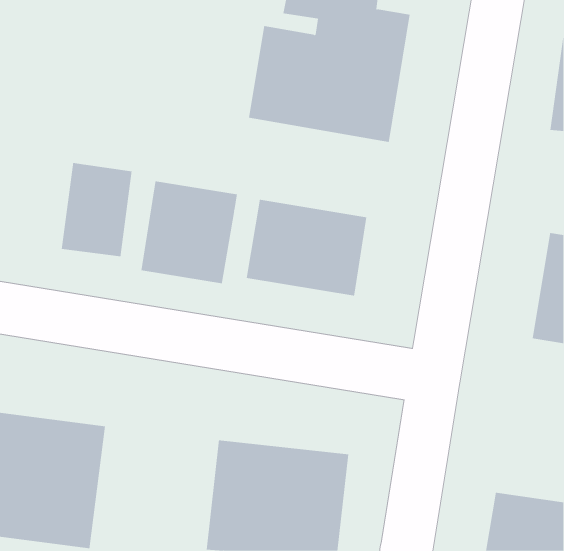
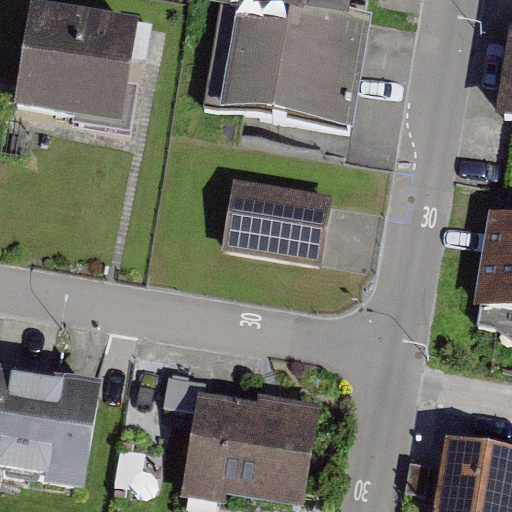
building: none -> [17,5,135,123]
building: [61,162,132,257] -> none
building: [141,180,238,284] -> none

